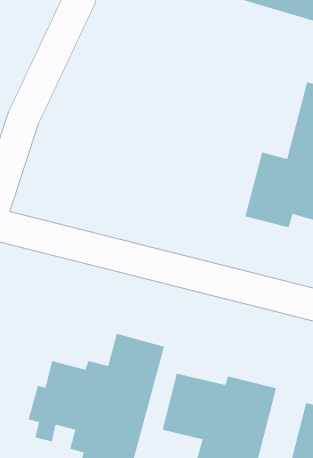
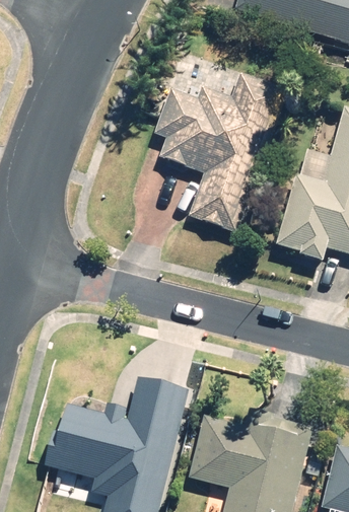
building: none -> [157,72,287,236]

